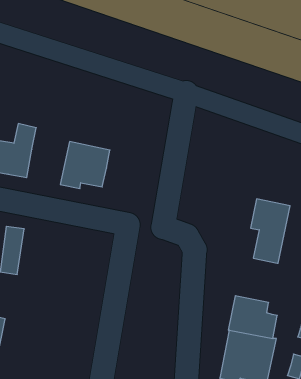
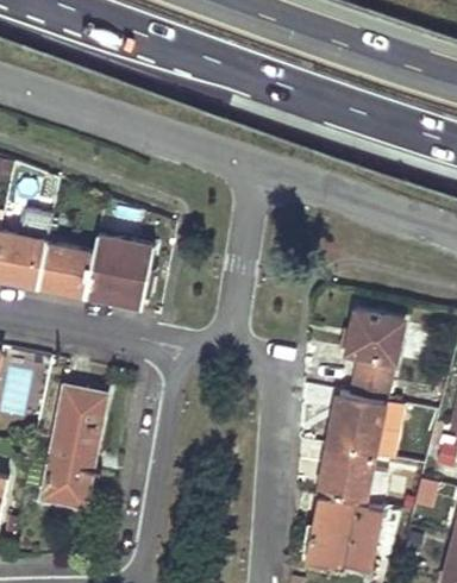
building: none -> [38,245,93,294]
building: none -> [40,384,108,509]
building: none -> [327,394,395,460]

